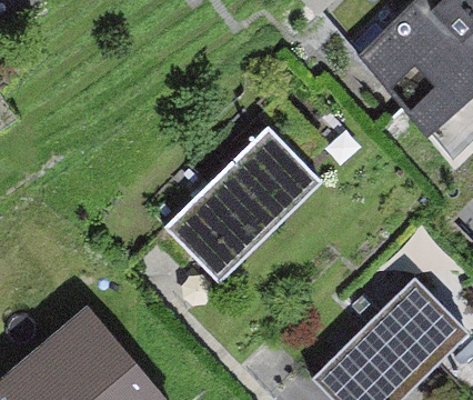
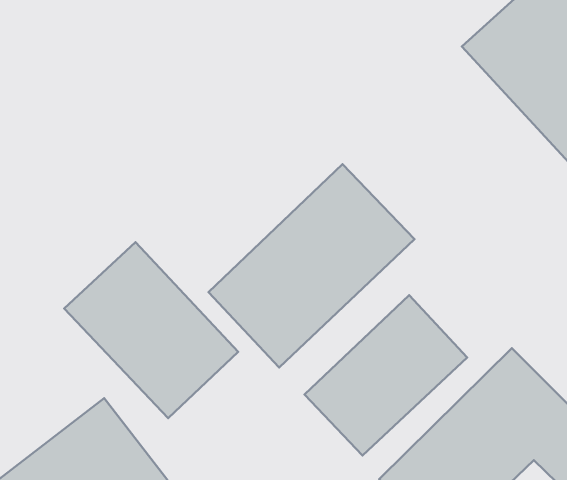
building: none -> [64,242,238,418]
building: none -> [304,295,467,455]

